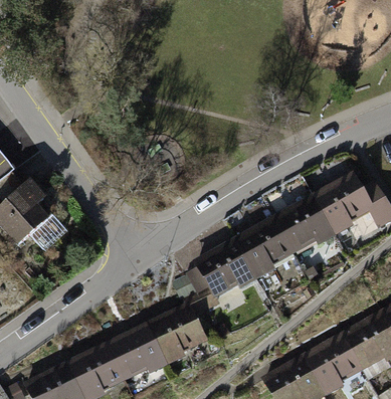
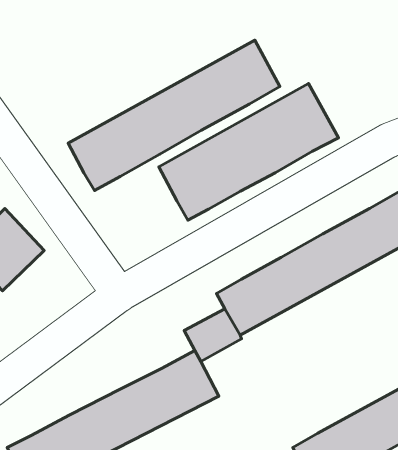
building: none -> [68,40,280,190]
building: none -> [159,84,338,220]

